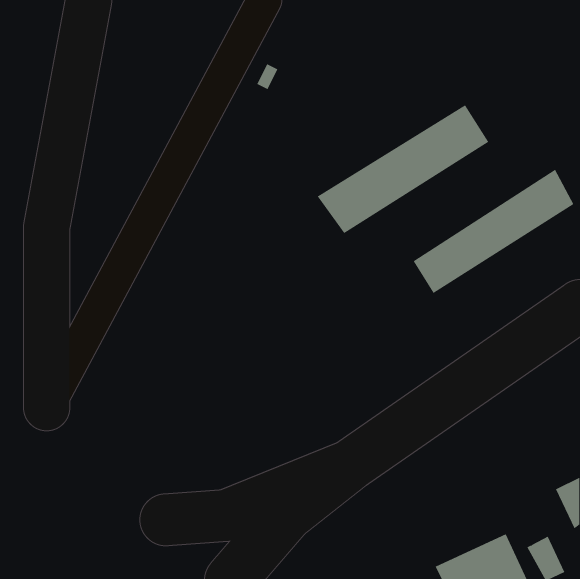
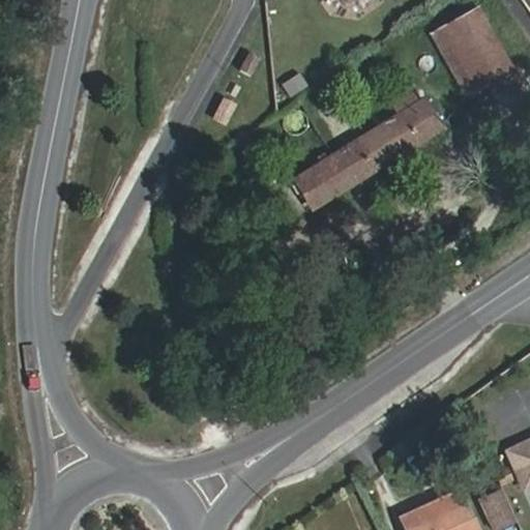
building: none -> [429,5,514,98]
building: [413,169,574,294] -> none

